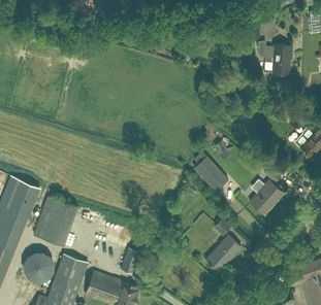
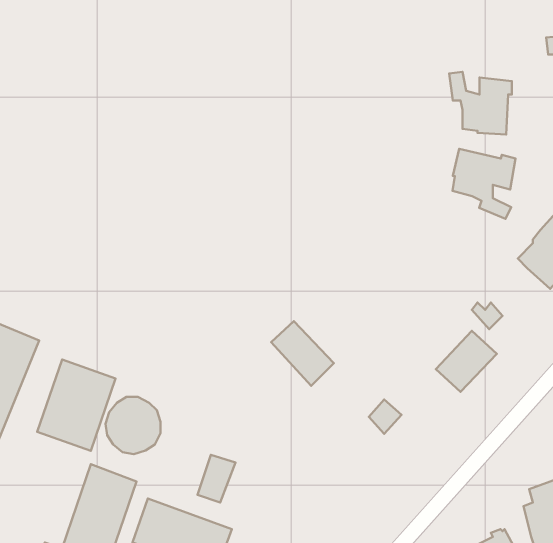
building: none -> [453,149,516,219]
building: [194,157,228,192] -> [271,321,334,386]
building: [205,236,240,272] -> none
building: [24,251,54,282] -> [105,397,161,454]

